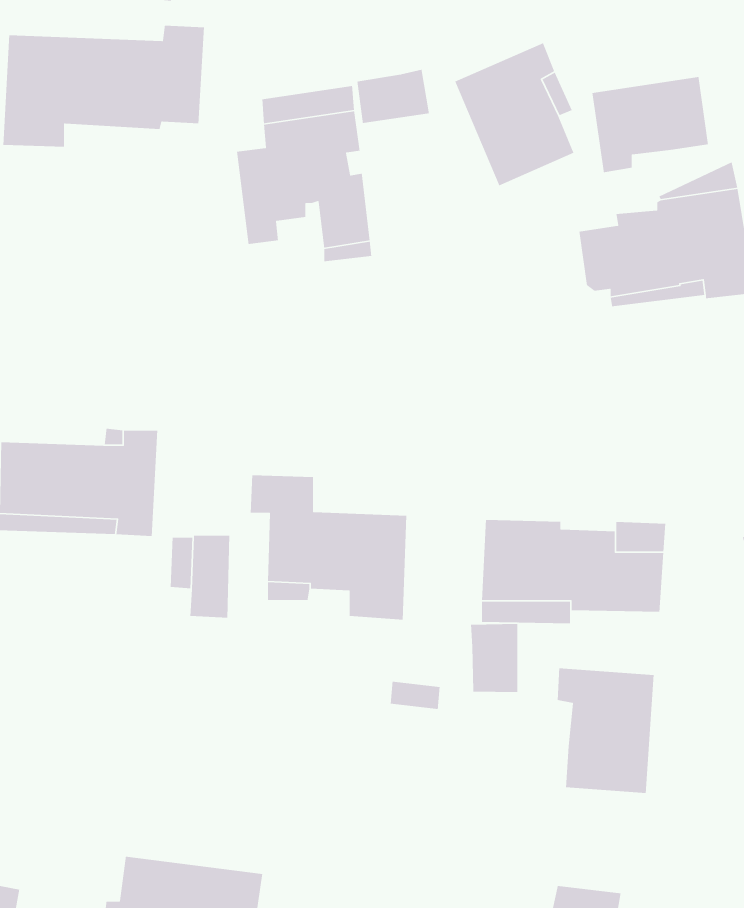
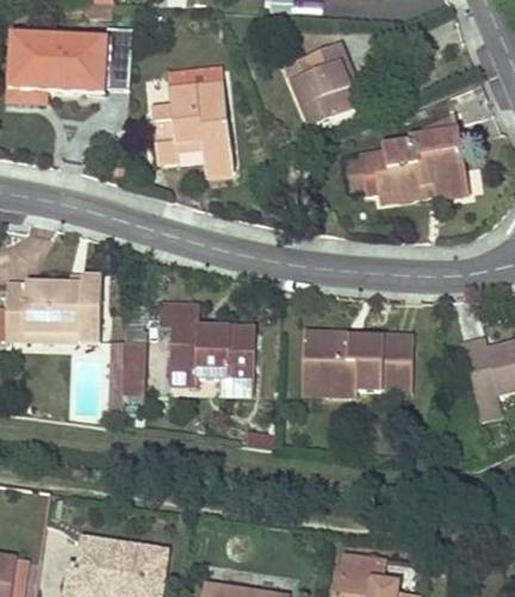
building: [356,69,430,124] -> none
building: [592,76,709,173] -> none
building: [470,623,518,693] -> none
building: [557,668,654,794] -> none

